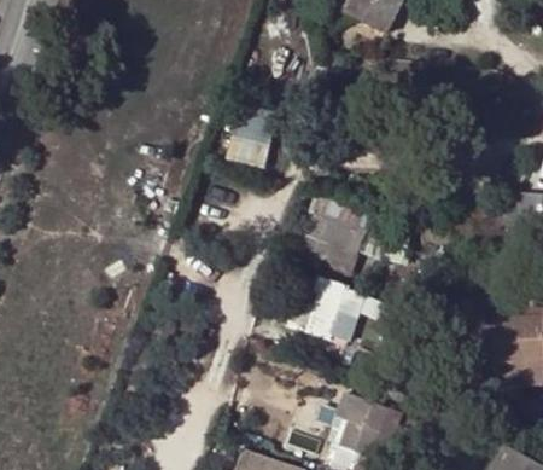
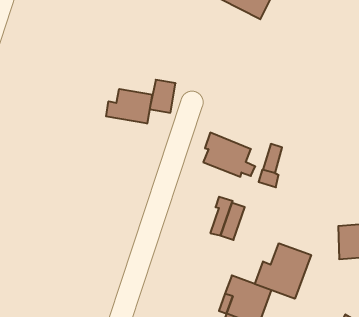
building: none -> [106,89,152,124]
building: [297,232,358,275] -> none
building: none -> [255,243,311,299]

